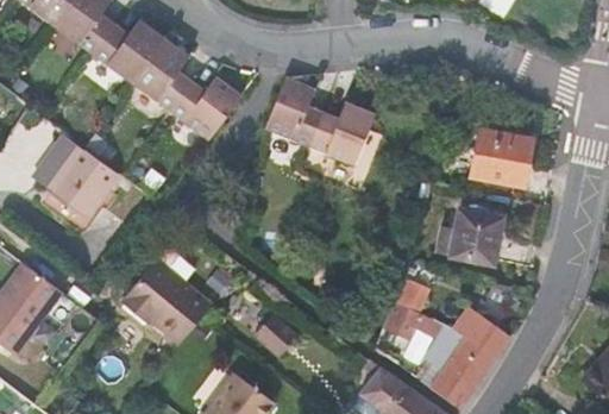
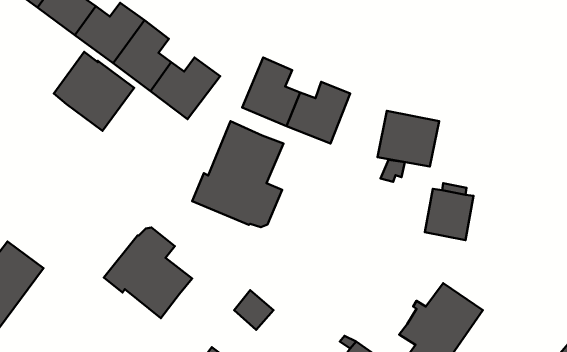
building: [470,128,533,186] -> [377,111,439,167]
building: [36,137,118,218] -> [54,52,134,131]
building: none -> [192,121,283,227]
building: [384,280,429,335] -> none

